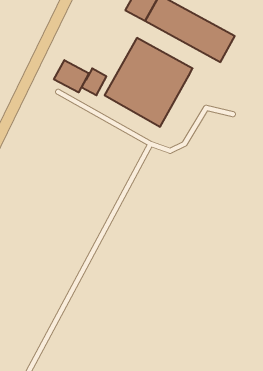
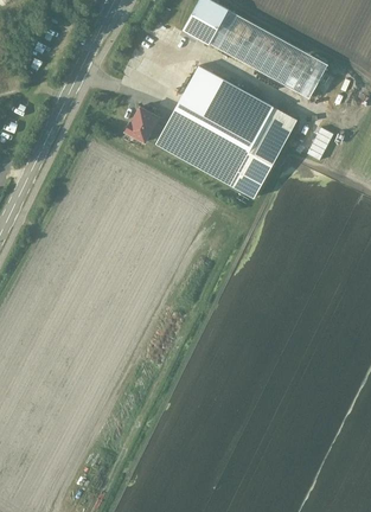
building: [54,60,89,92] -> none
building: none -> [229,116,292,198]

